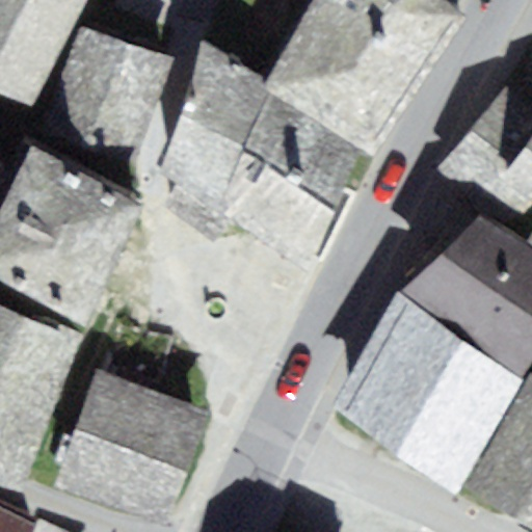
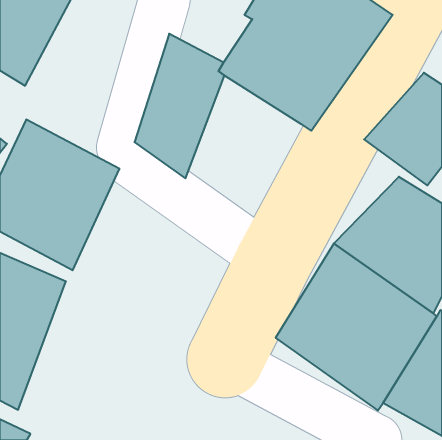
building: [43,25,168,157] -> none
building: [222,90,361,273] -> none
building: [52,367,208,523] -> none

